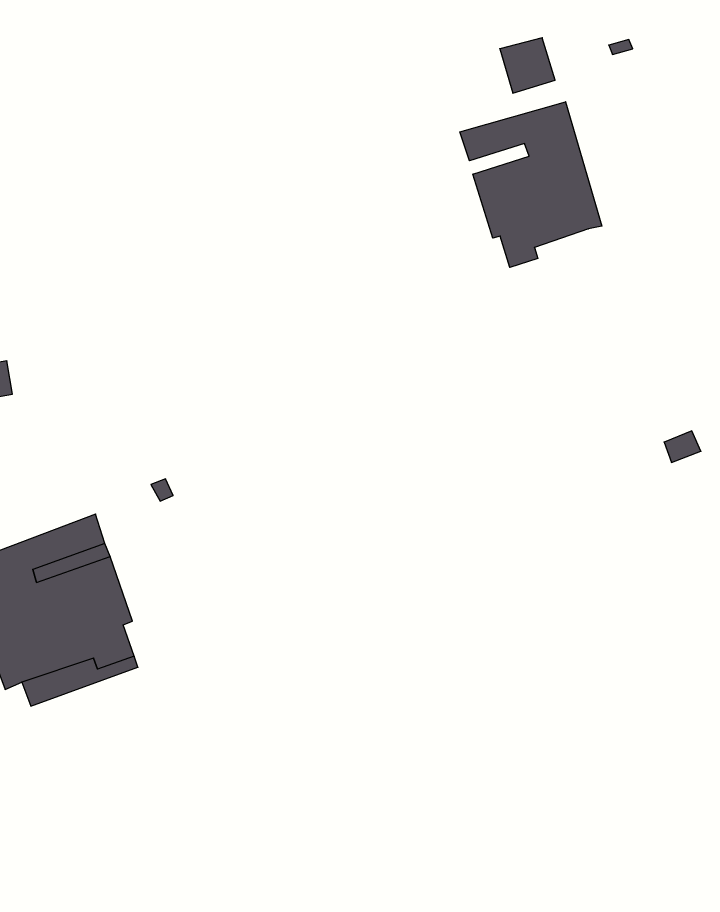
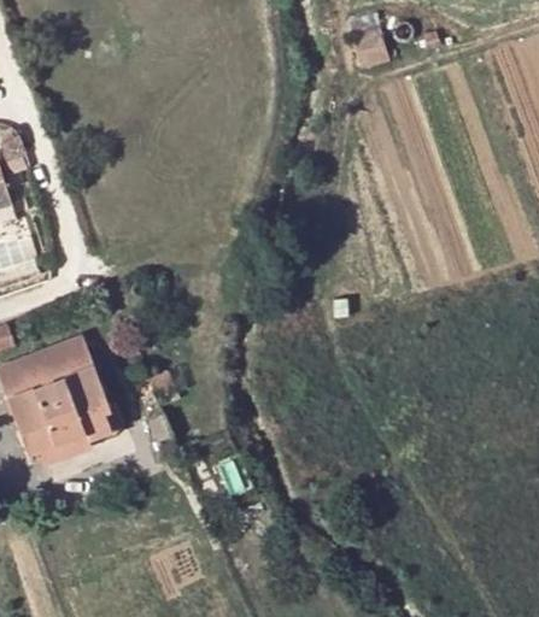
building: [460,102,602,267] -> none

